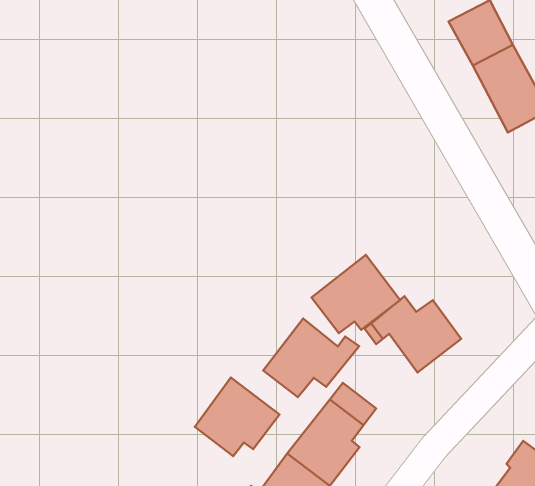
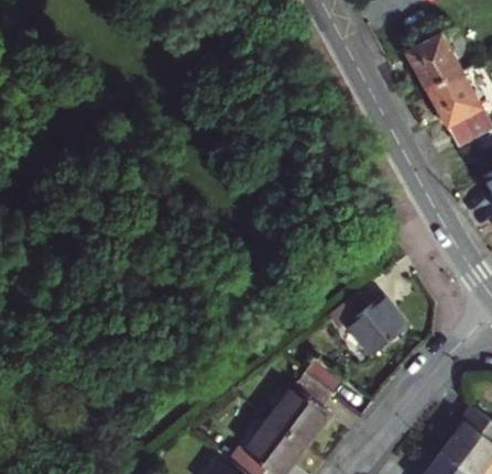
building: [312,255,400,333] -> none
building: [263,319,359,397] -> none
building: [195,377,279,456] -> none

